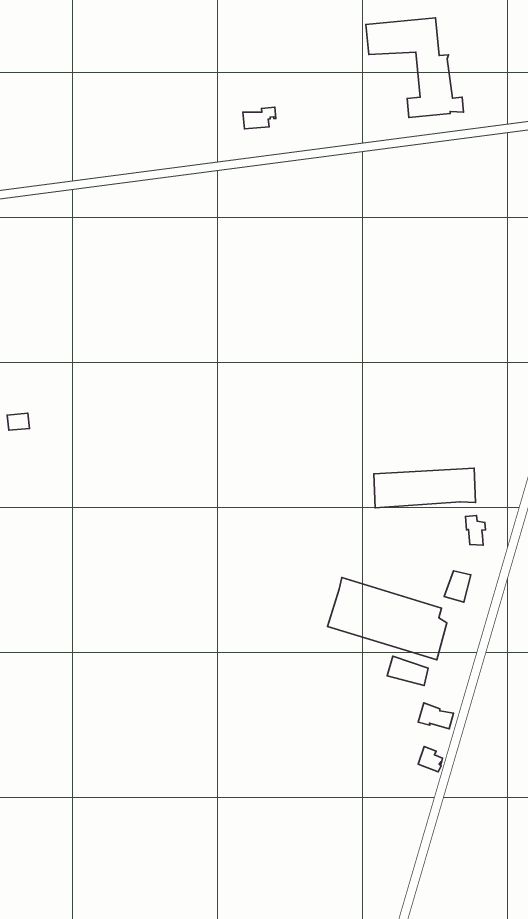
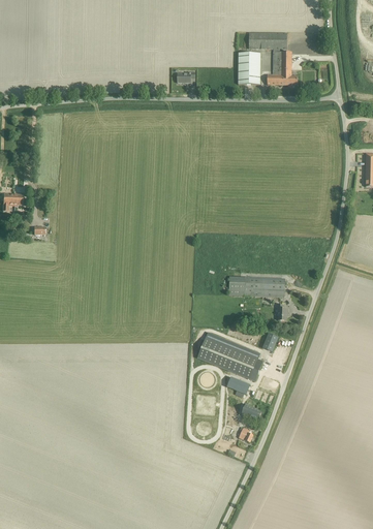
building: none -> [239,53,260,85]

